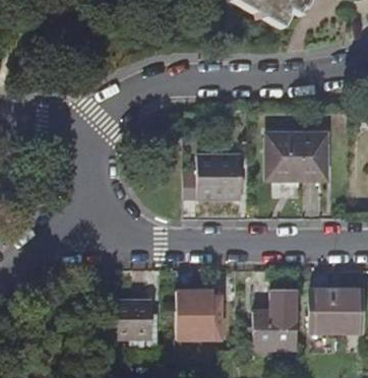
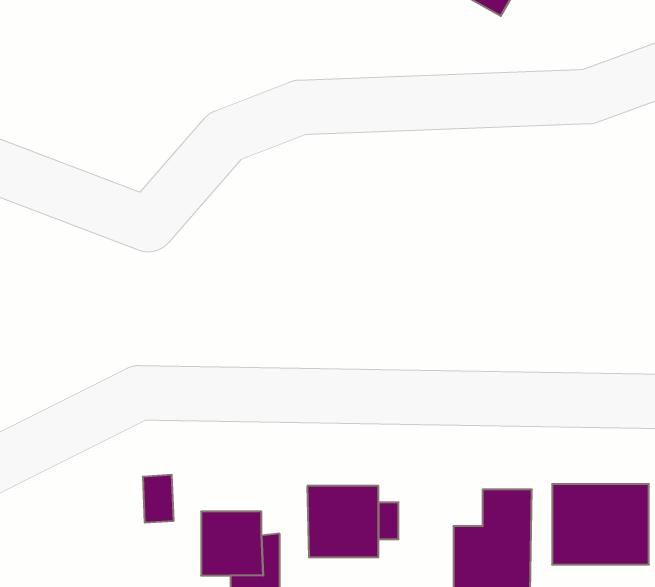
building: [267,136,324,178] -> none
building: [182,154,241,198] -> none

